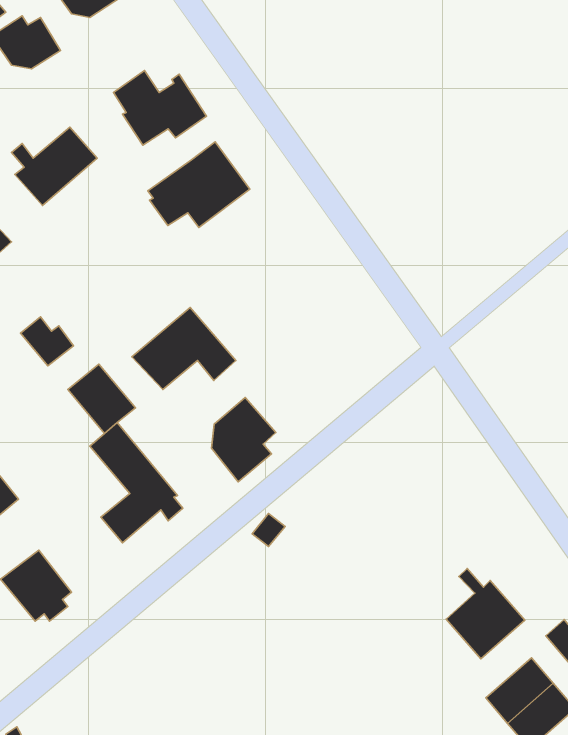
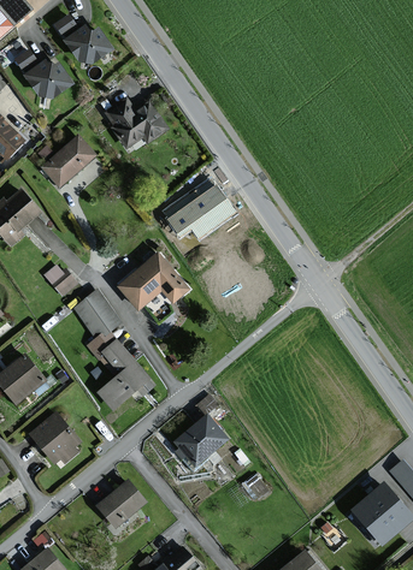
building: [148,142,250,227] -> [166,180,234,237]
building: [212,398,276,482] -> none
building: none -> [173,416,224,467]
building: [446,569,525,659] -> none
building: none -> [98,482,143,527]

